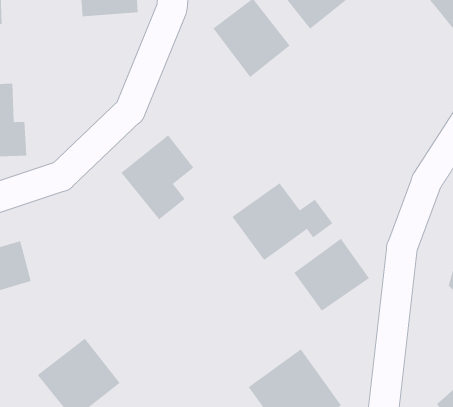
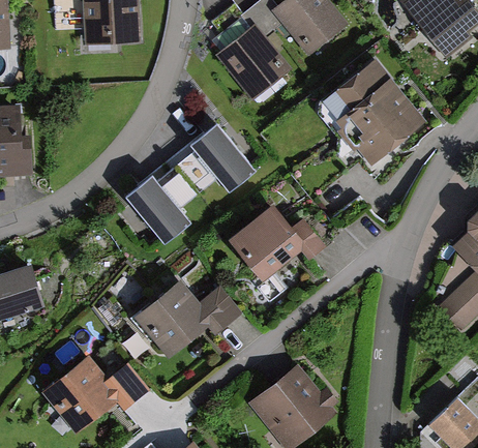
building: none -> [322,57,426,163]
building: none -> [171,124,250,190]
building: [294,238,370,312] -> none
building: none -> [133,280,241,361]

